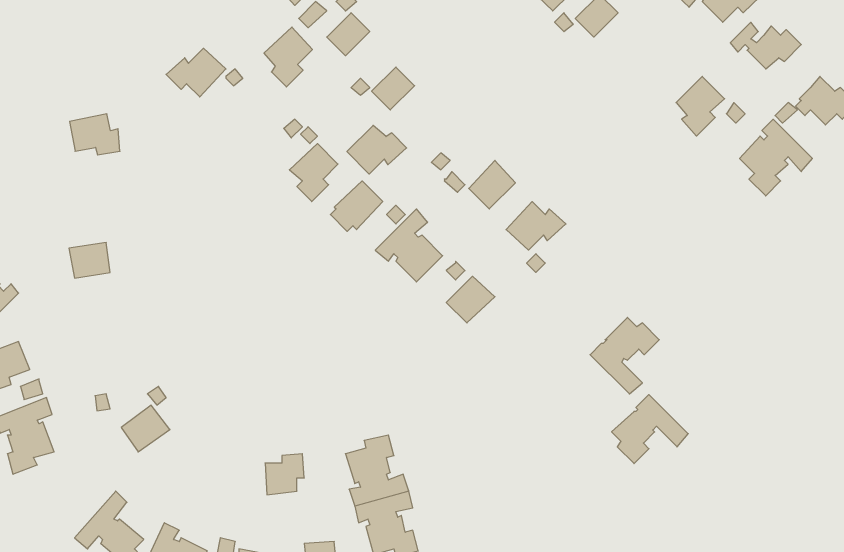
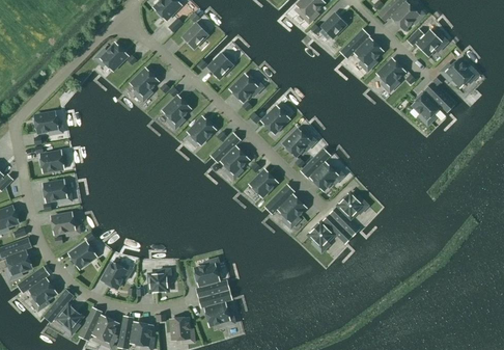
building: none -> [340,29,382,72]
building: [264,27,312,87] -> [131,69,158,102]
building: [70,114,120,155] -> [34,112,62,135]
building: [347,125,407,174] -> [230,75,263,102]
building: none -> [301,149,343,190]
building: none -> [44,181,72,204]
building: none -> [265,185,306,228]
building: none -> [51,213,80,236]
building: [612,395,688,464] -> [309,214,352,252]
building: none -> [102,262,133,289]
building: none -> [18,267,56,311]

